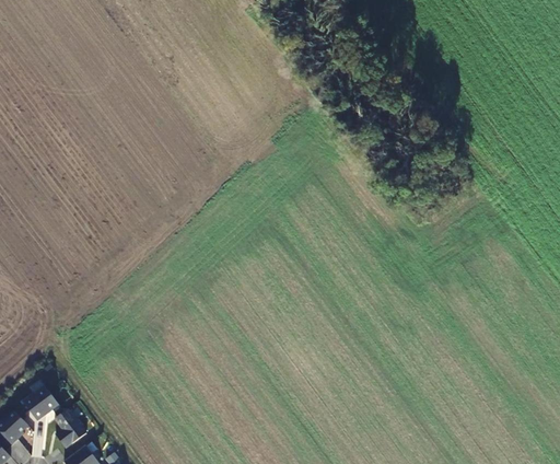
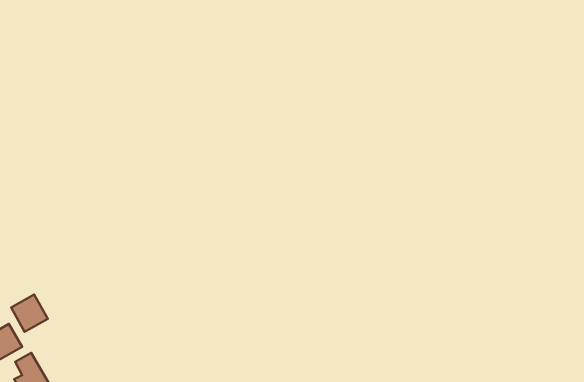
building: none -> [11,295,48,332]

